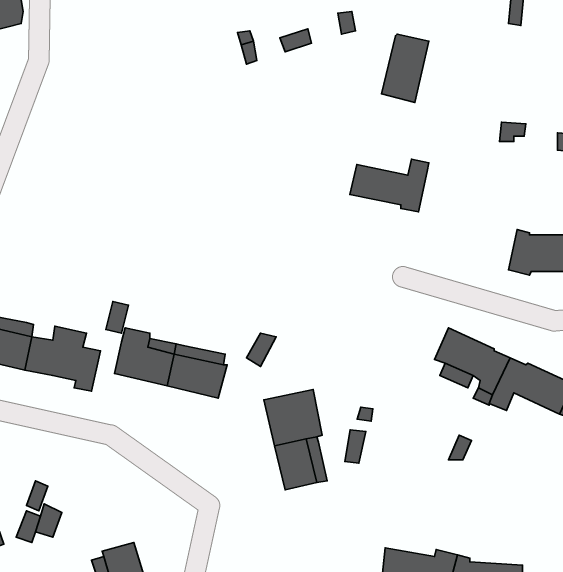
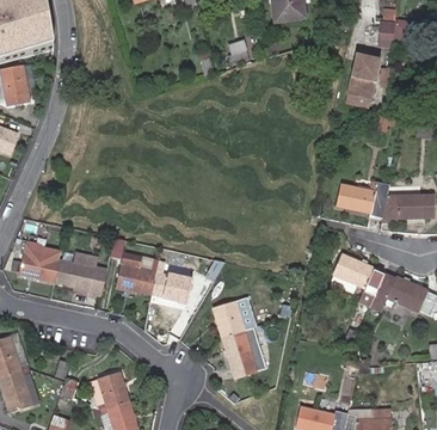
building: [381,34,429,103] -> [347,51,380,98]
building: [350,159,429,212] -> [336,179,389,215]
building: none -> [90,370,128,408]

